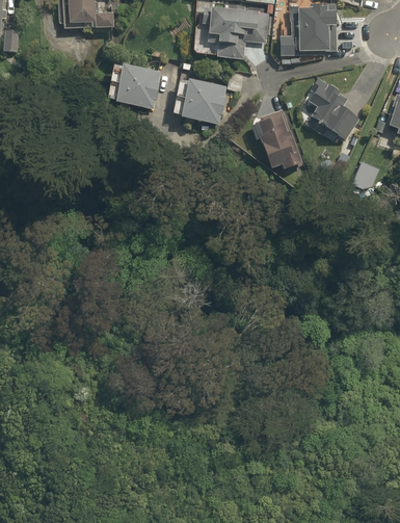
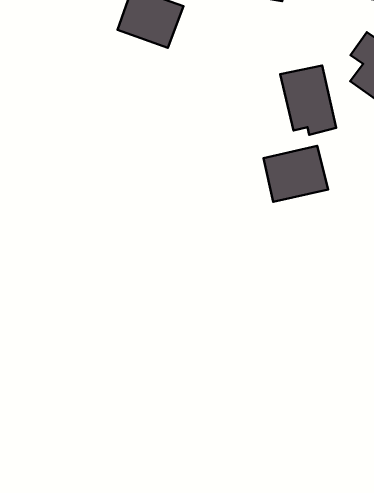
building: [178,78,228,126] -> none
building: none -> [264,146,328,202]

